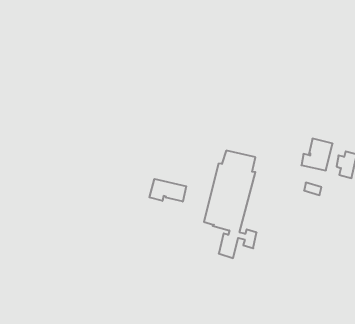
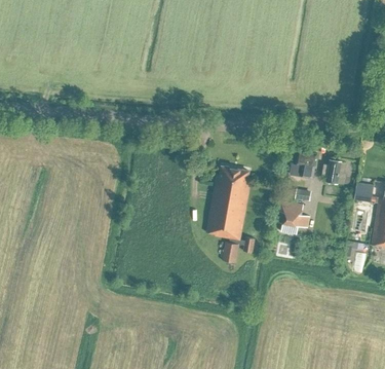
building: [149,179,186,202] -> none
building: none -> [275,200,309,234]

